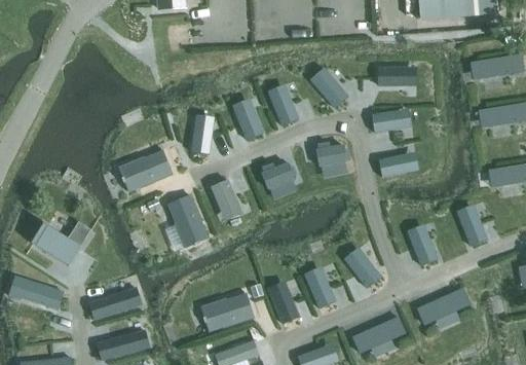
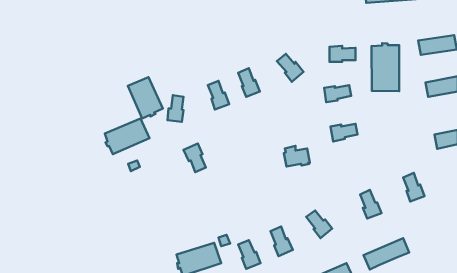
building: none -> [371,43,399,91]
building: none -> [128,77,163,118]
building: [316,142,346,166] -> [284,146,310,166]
building: [262,162,294,188] -> none
building: [167,195,209,247] -> none
building: [33,222,90,265] -> none
building: [9,277,64,308] -> none
building: [88,287,142,320] -> none

